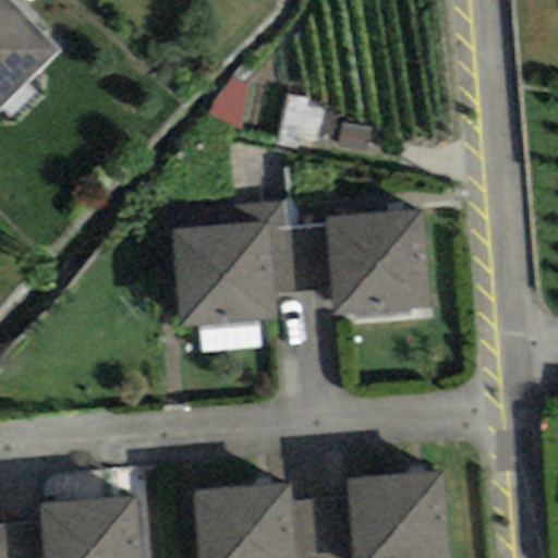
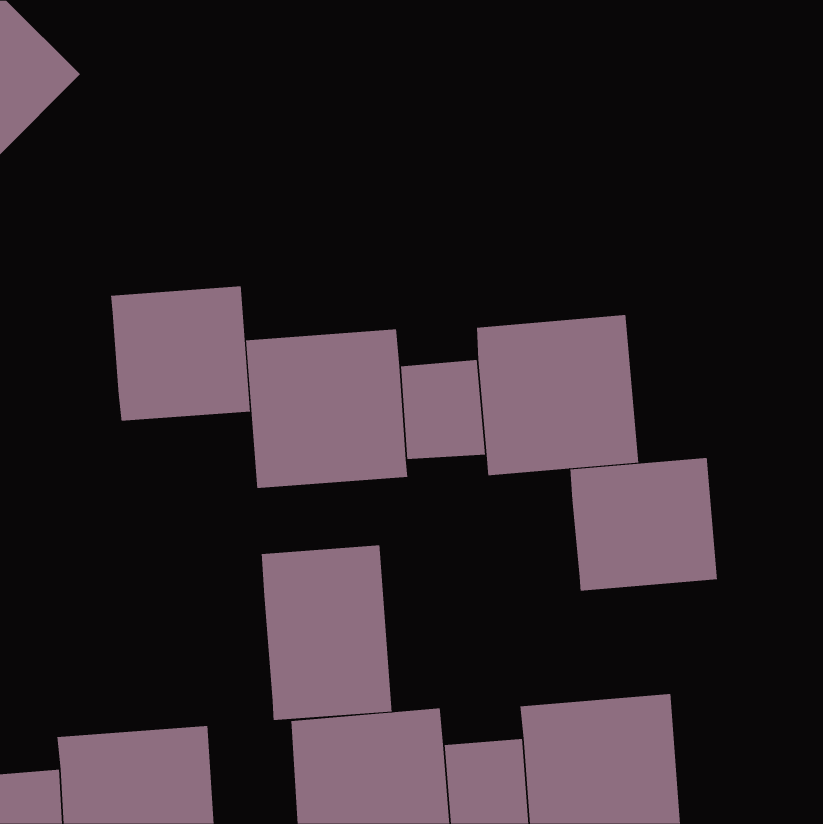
building: none -> [111,285,251,422]
building: none -> [570,457,717,592]
building: none -> [261,545,392,721]

